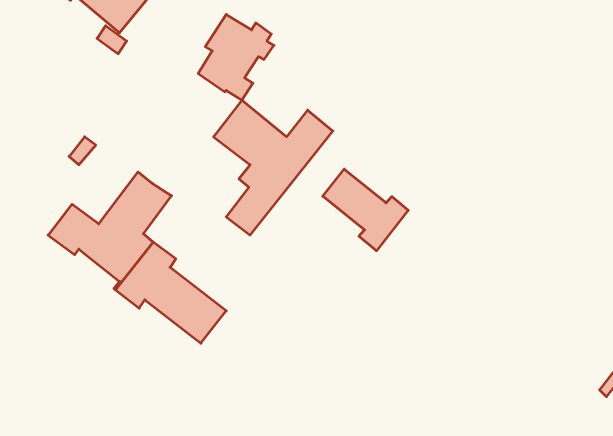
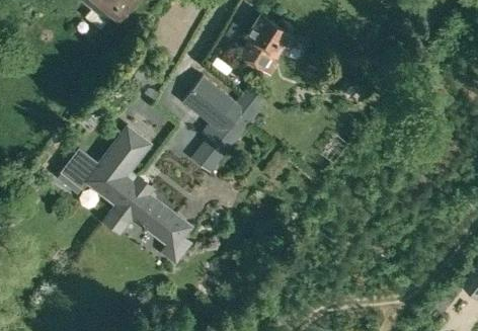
building: [198,14,274,100] -> [240,14,295,76]
building: [323,169,408,251] -> none

